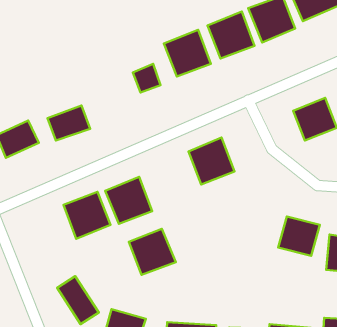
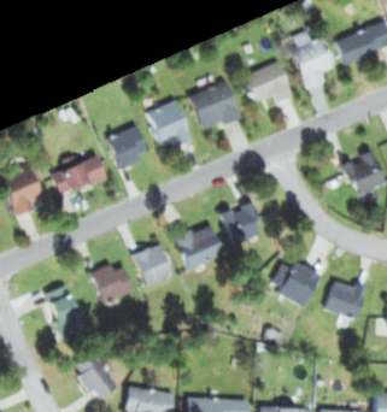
building: none -> [113,131,146,164]
building: none -> [269,254,321,306]
building: none -> [39,282,81,336]
building: [129,229,176,275] -> [171,218,224,270]

